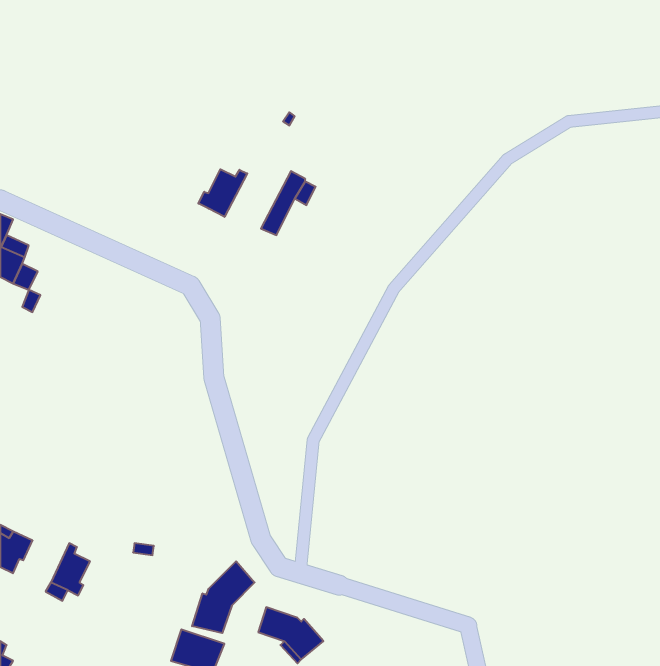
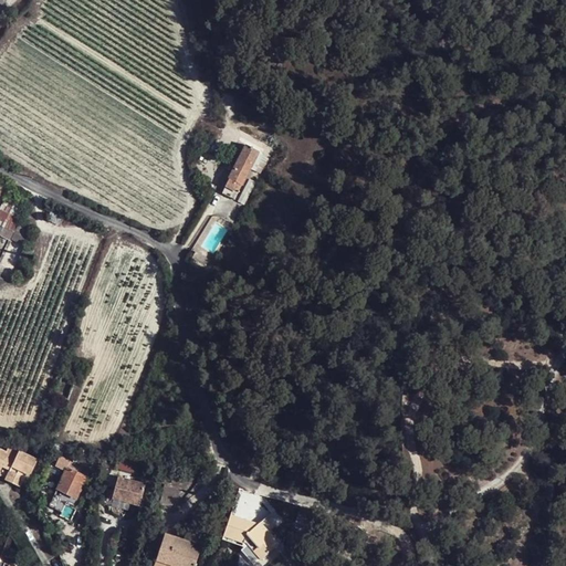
building: [198,169,247,217] -> none
building: [192,561,255,633] -> none
building: none -> [111,478,144,506]

